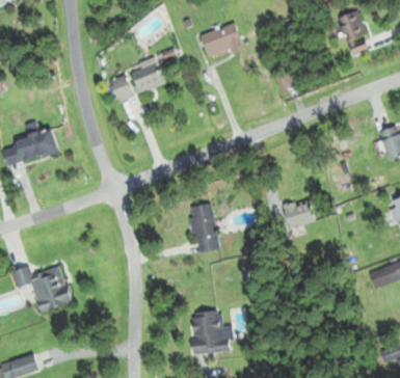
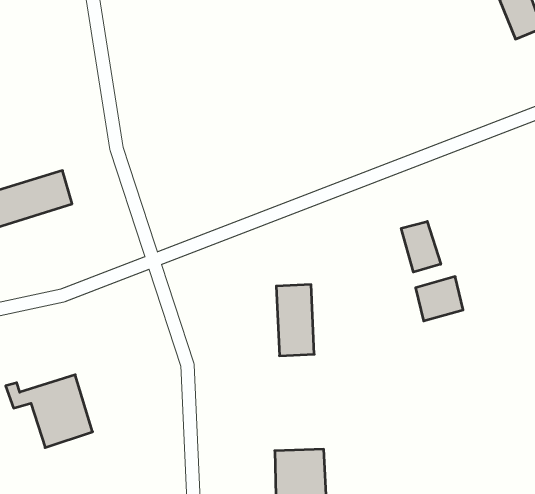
building: [204,28,243,57] -> none
building: [110,61,164,101] -> none
building: none -> [401,221,441,272]

